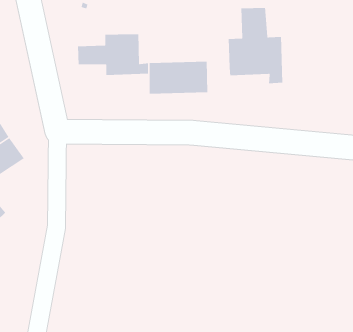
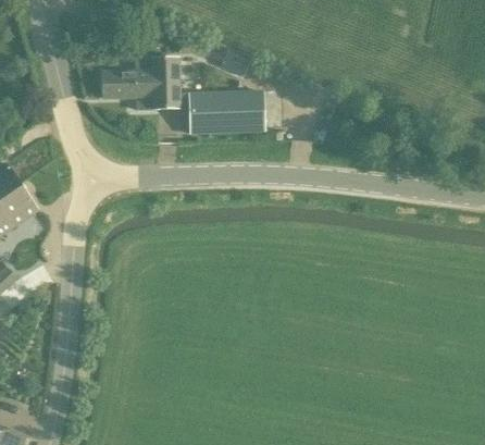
building: [228,7,283,84] -> none

